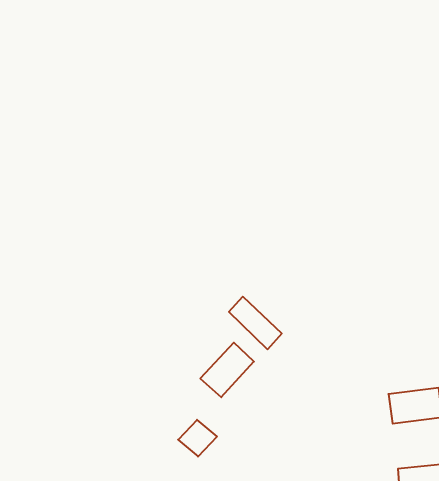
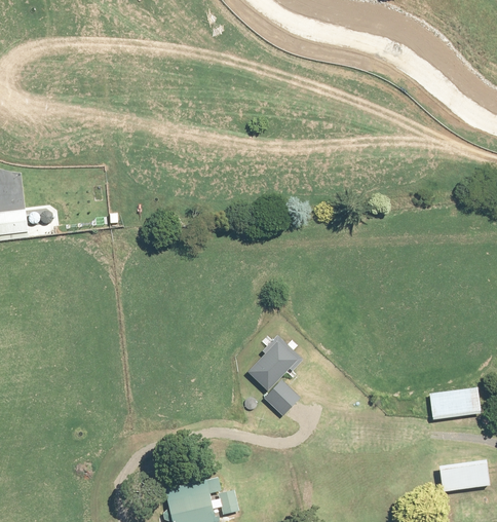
building: [229,297,282,349] -> none
building: [178,420,217,457] -> [260,382,298,418]

